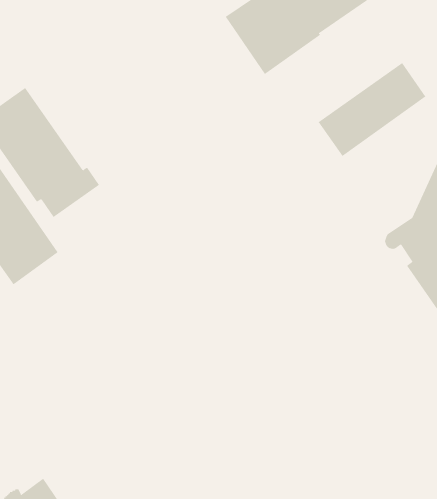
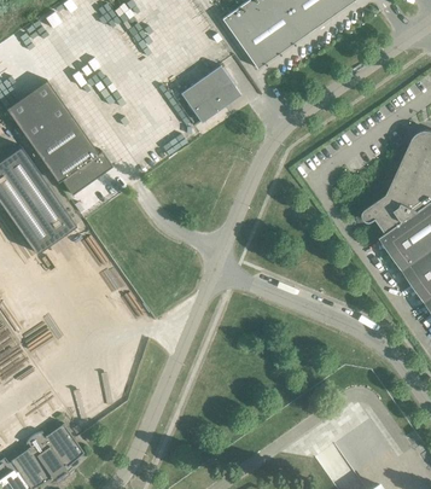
building: [318,62,426,157] -> none
building: none -> [180,66,241,123]

